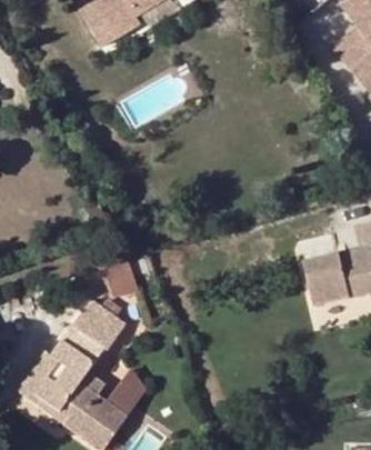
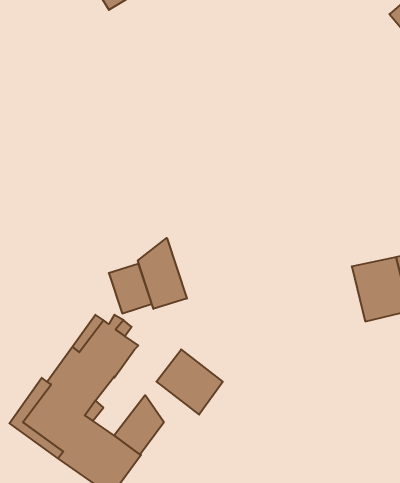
building: none -> [138,238,187,309]
building: none -> [156,349,223,415]

